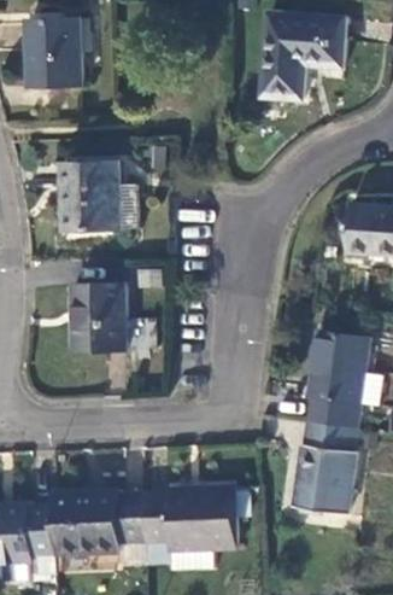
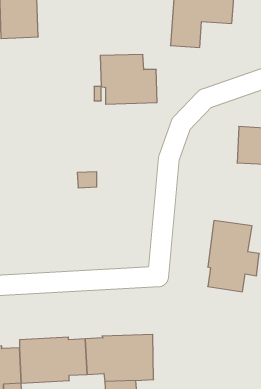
building: [61,163,139,231] -> [100,55,157,104]
building: [72,281,125,350] -> none
building: [293,421,357,514] -> none

